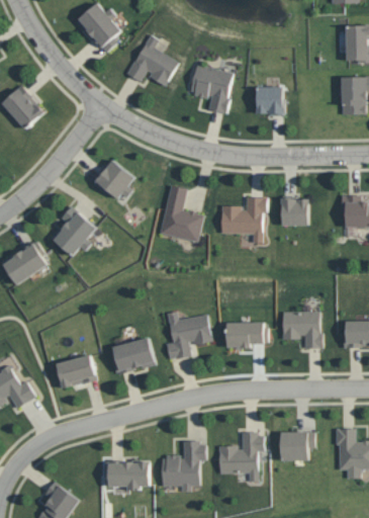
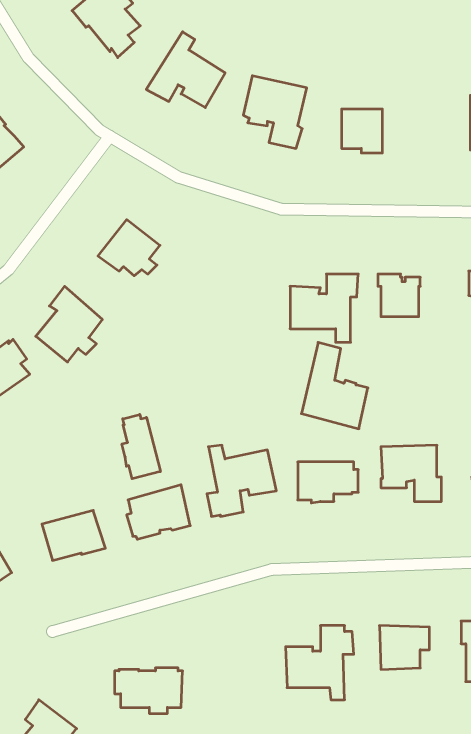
building: [159,185,203,243] -> [301,342,368,429]
building: none -> [122,414,160,479]
building: [161,441,205,492] -> none

